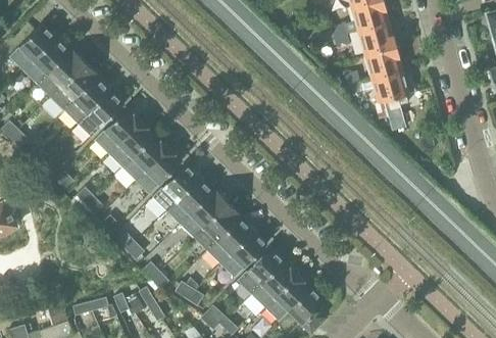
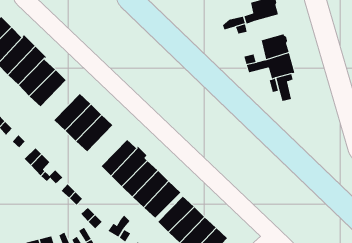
building: [358,21,396,53] -> none
building: [95,107,140,153] -> none
building: [152,163,199,210] -> none

